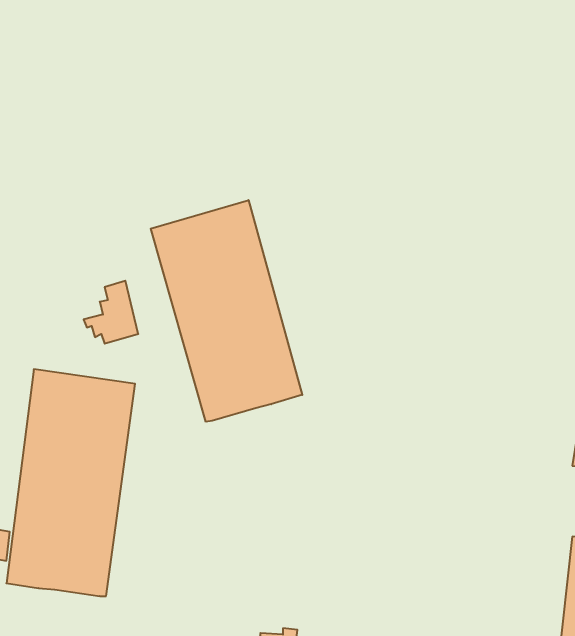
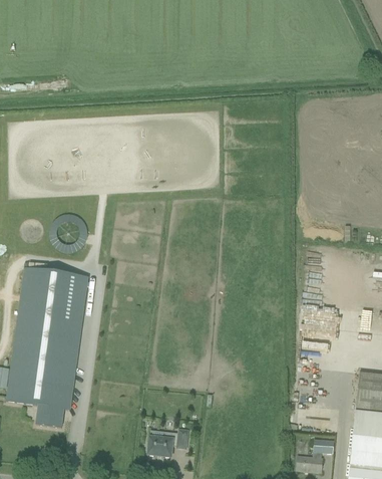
building: [151,200,302,422] -> none
building: none -> [34,405,64,427]

